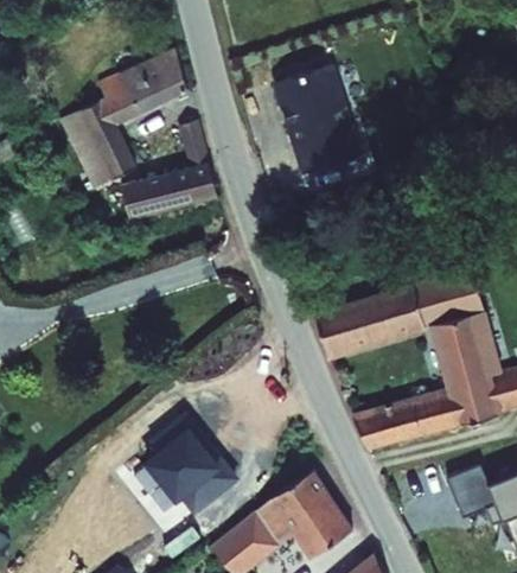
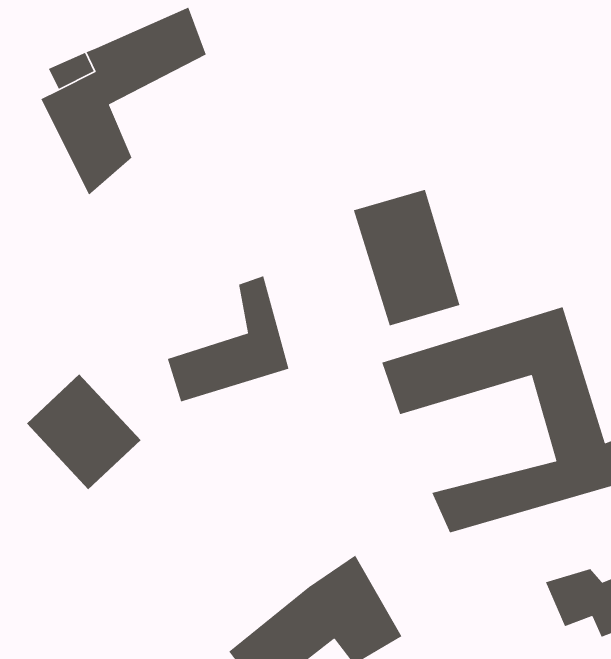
building: [291,66,375,174] -> [353,189,460,327]
building: [121,117,217,217] -> [167,275,290,402]
building: [134,421,224,512] -> [26,373,141,490]

